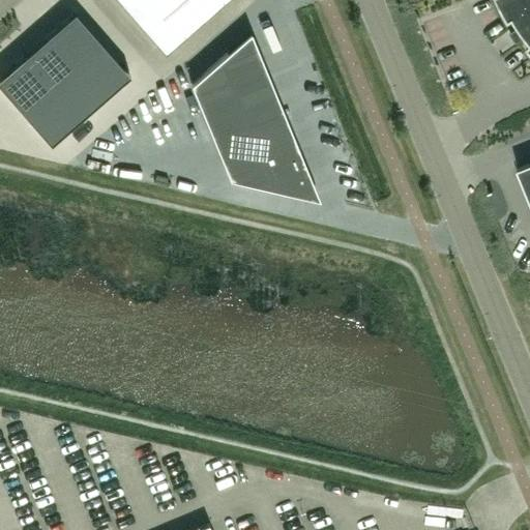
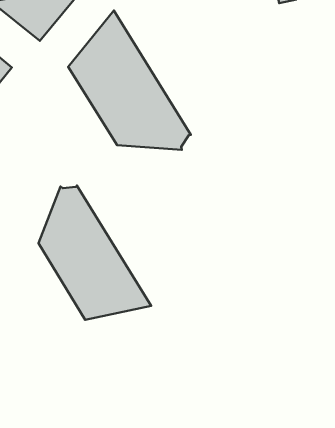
building: none -> [39,185,151,320]

